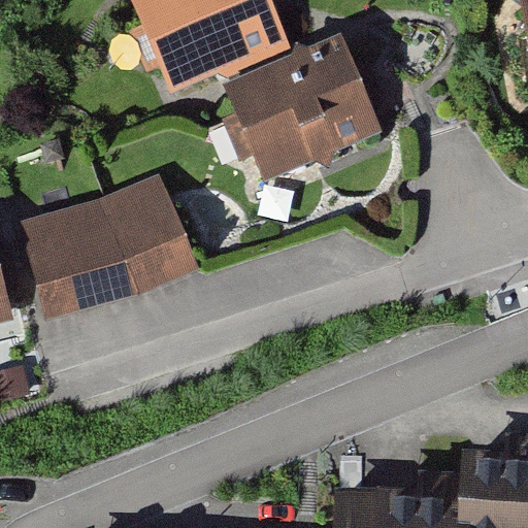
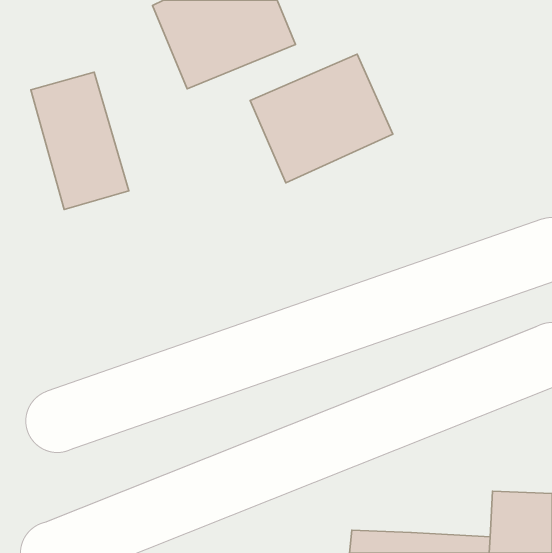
building: none -> [31,72,129,210]
building: [31,206,192,306] -> none

